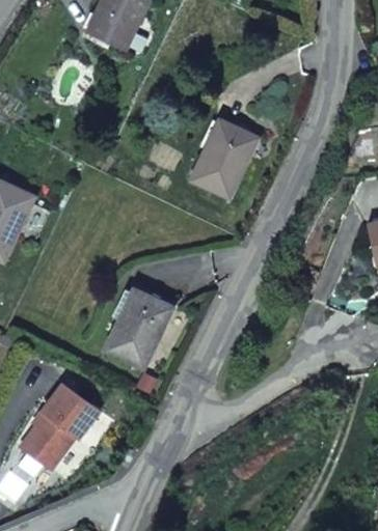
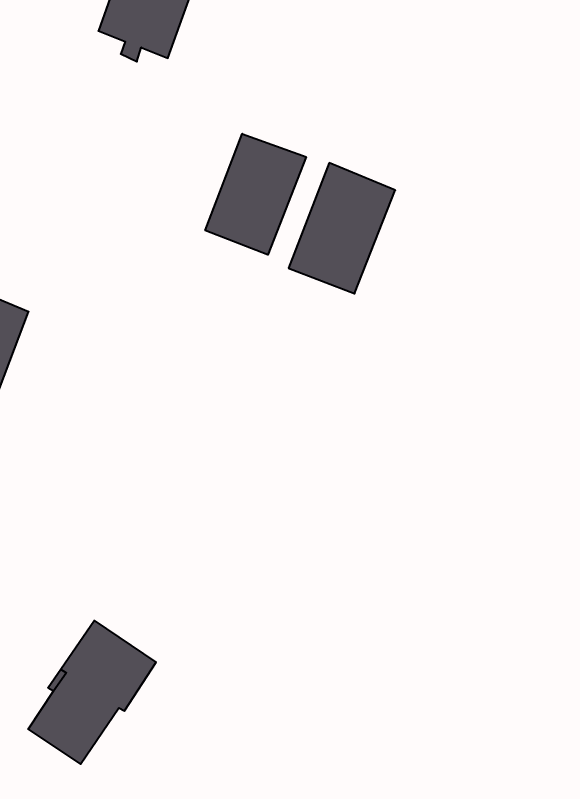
building: none -> [205,134,306,255]
building: [106,288,173,367] -> none

